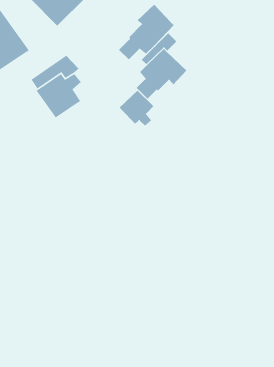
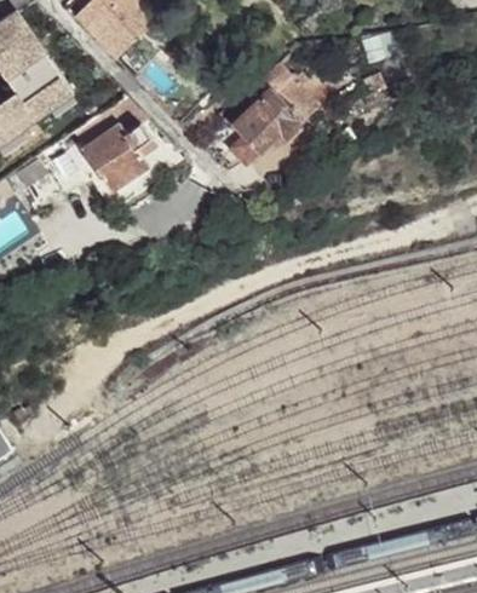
building: [118,4,175,60] -> none
building: [119,90,154,126] -> none

